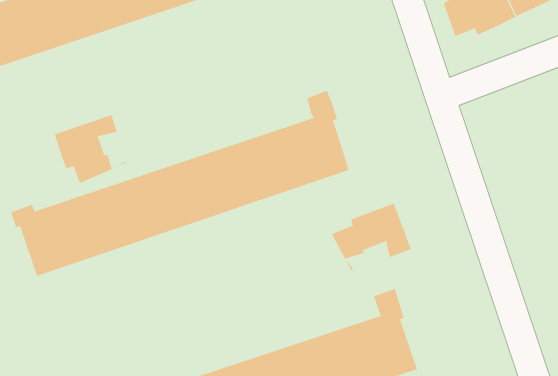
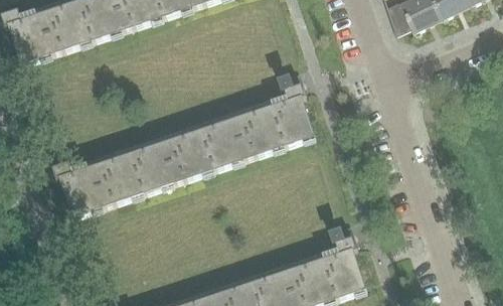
building: [54,114,127,185] -> none
building: [330,203,412,271] -> none

